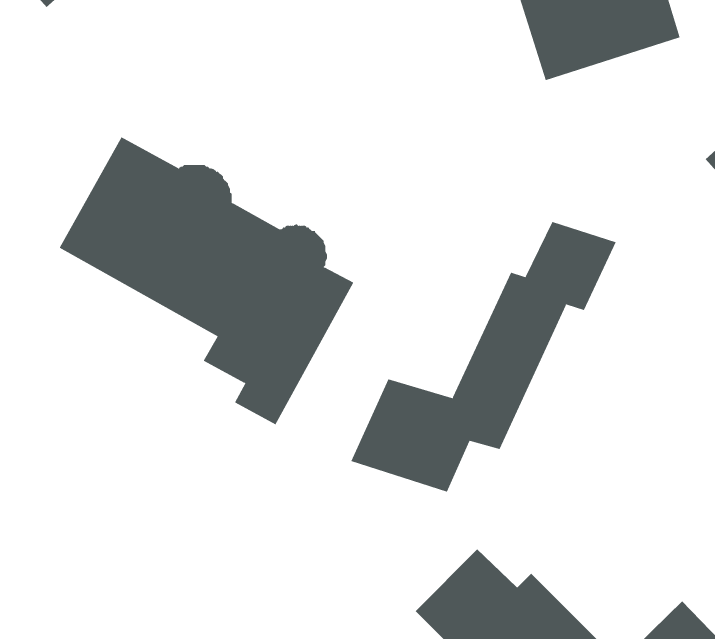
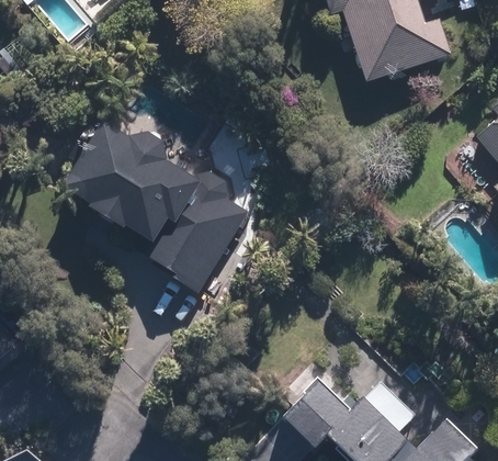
building: [351,221,616,492] -> none

